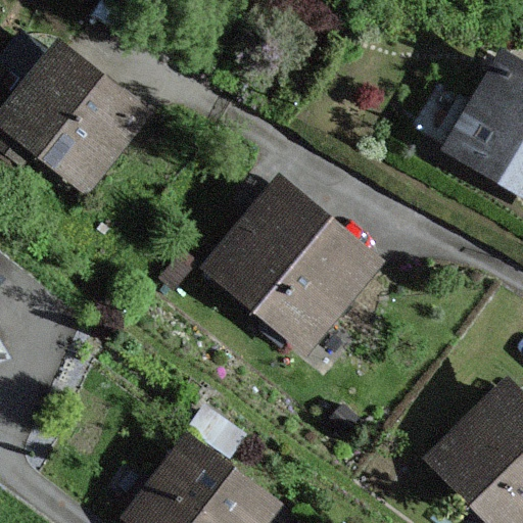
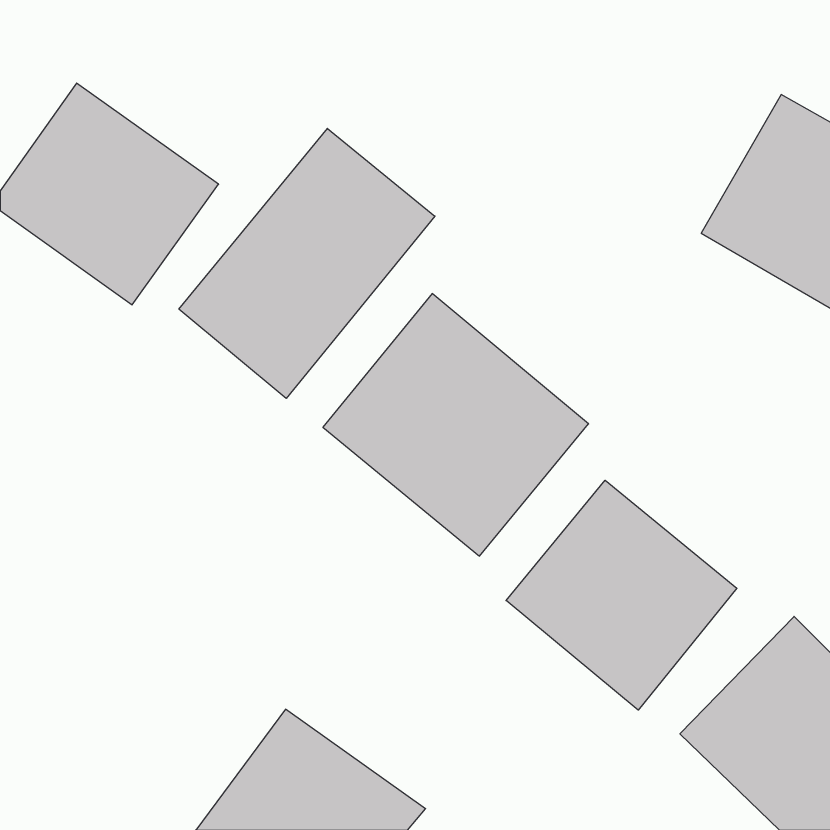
building: none -> [179,128,435,398]
building: none -> [506,480,737,710]

